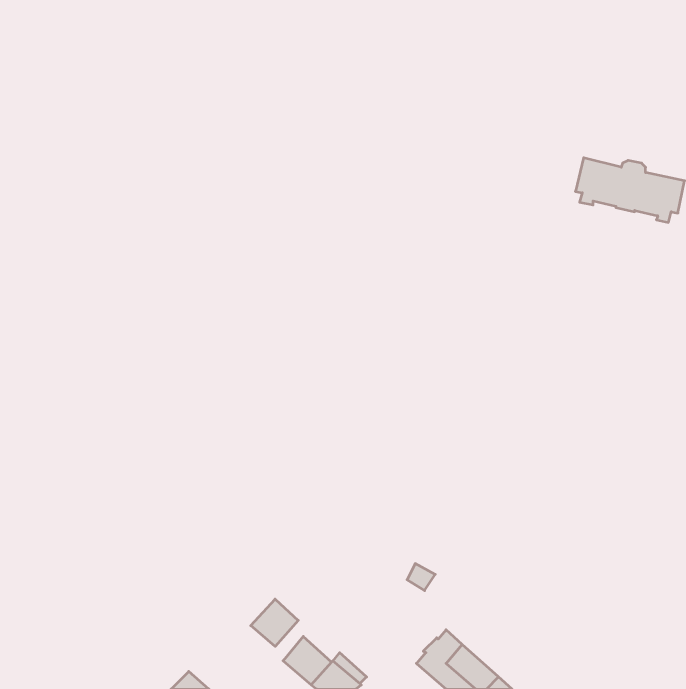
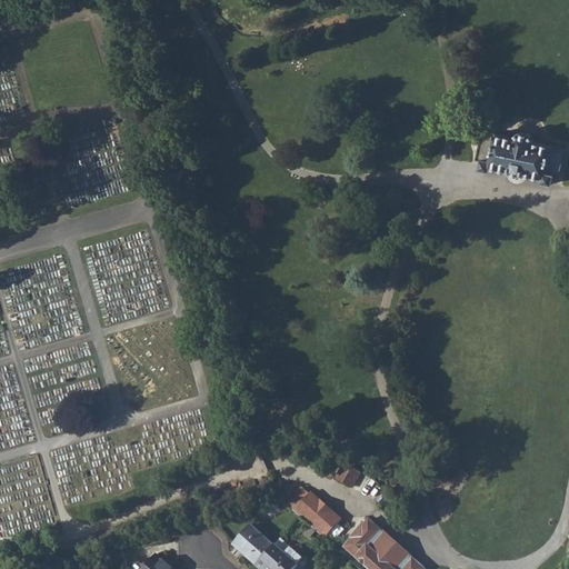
building: none -> [292,493,339,538]
building: [251,599,298,646] -> none

